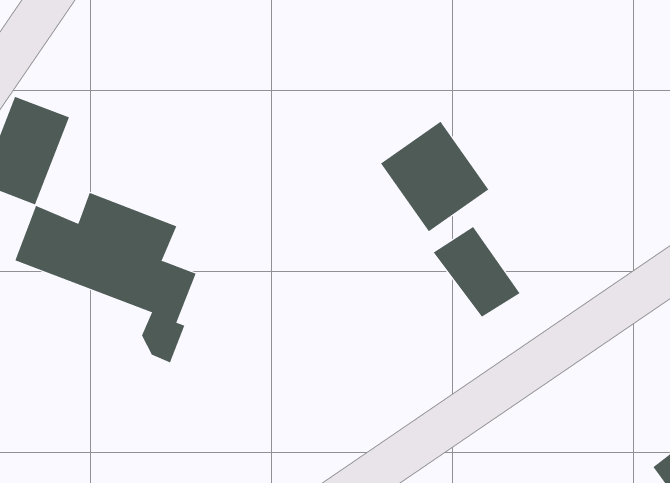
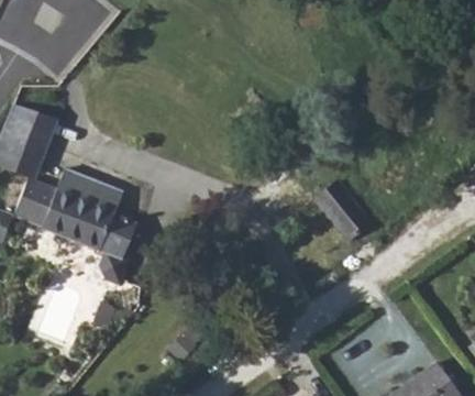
building: [380,121,489,232] -> none

